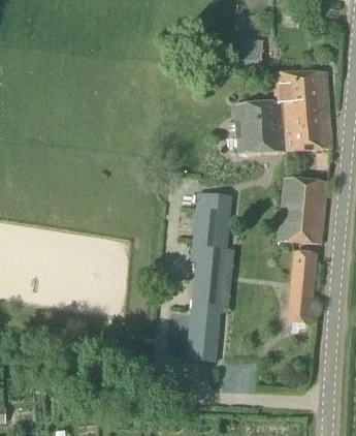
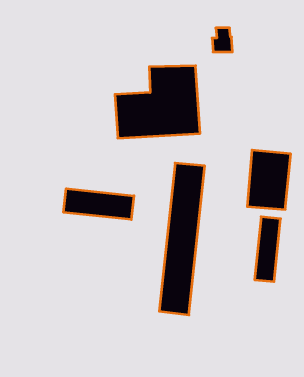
building: [237,72,332,153] -> [115,66,200,138]
building: none -> [64,189,134,220]

